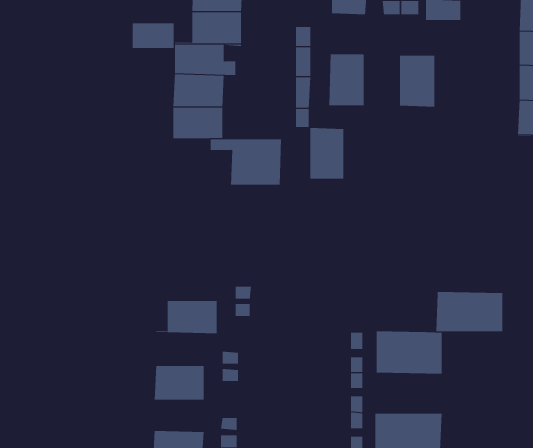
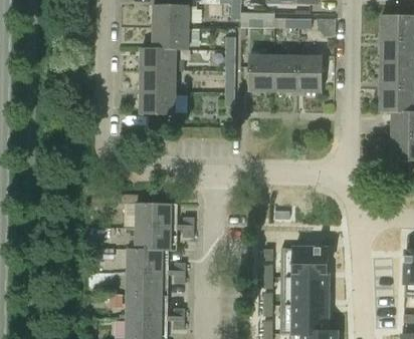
building: [118,23,174,49] -> none
building: [310,127,344,179] -> [273,55,297,91]
building: [210,139,282,185] -> [122,195,172,227]
building: [435,291,503,332] -> [280,277,328,305]
building: none -> [128,249,171,272]
building: none -> [127,296,162,318]

